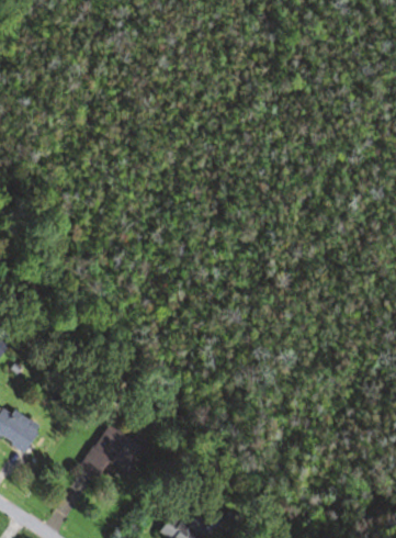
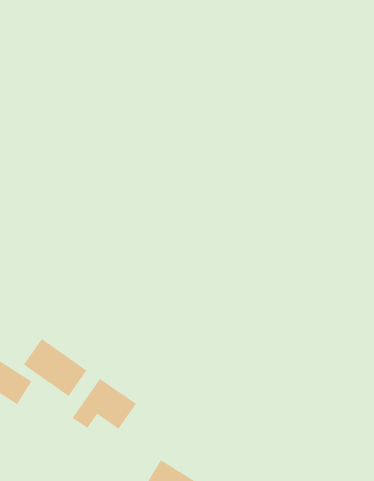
building: none -> [23,338,87,397]

